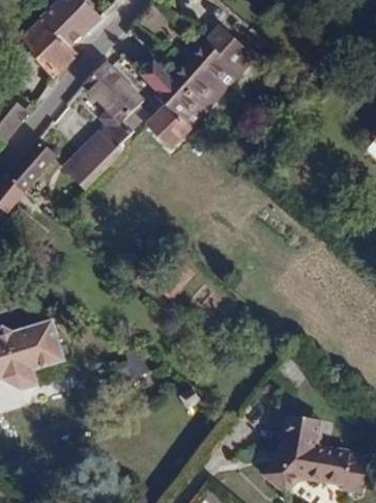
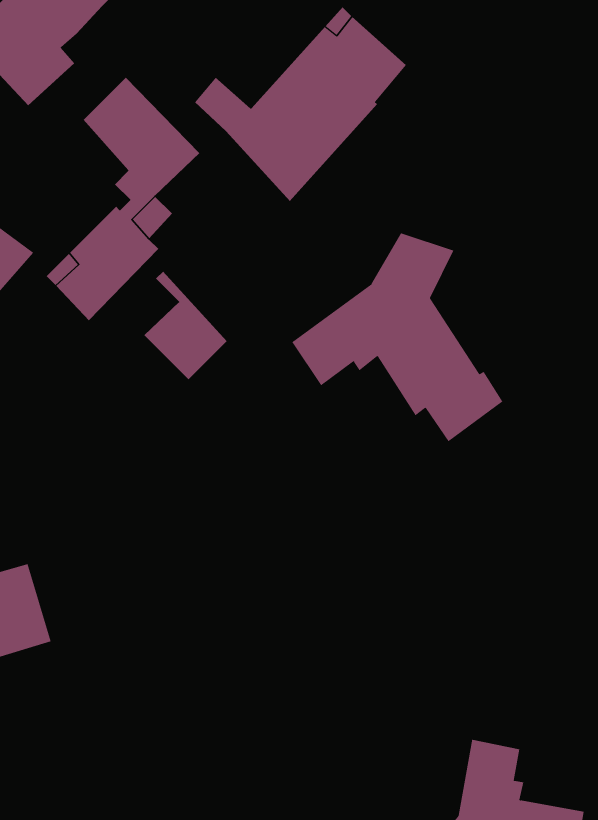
building: [147,90,192,148] -> [143,271,227,380]
building: none -> [292,232,503,442]

